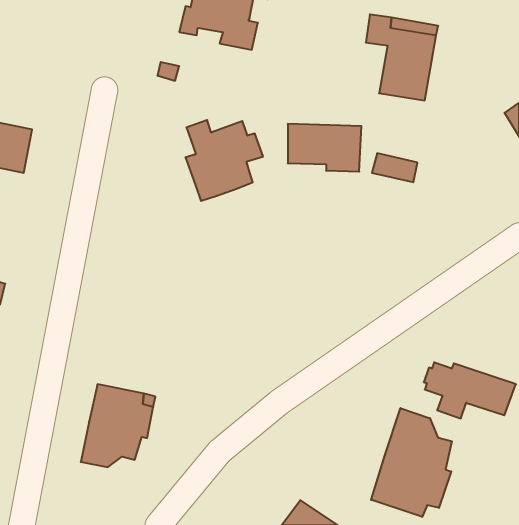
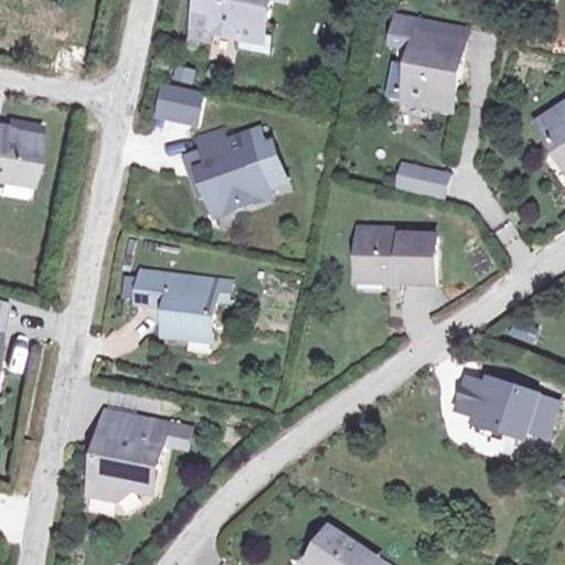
building: none -> [152,83,201,129]
building: [288,124,361,172] -> [358,232,436,282]
building: none -> [135,268,216,334]
building: [371,408,452,517] -> none

